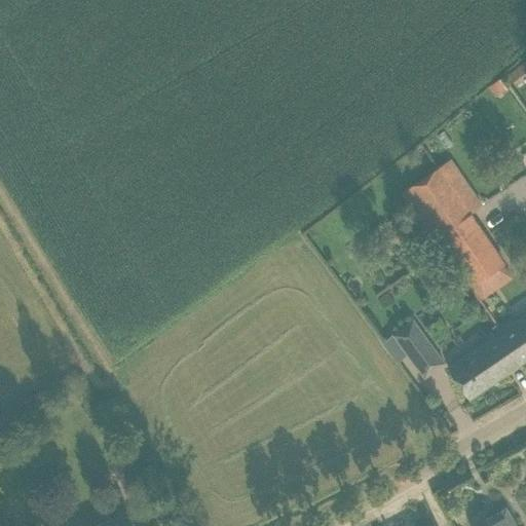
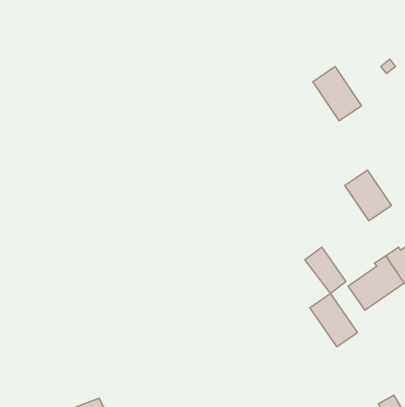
building: [414,171,477,240] -> [313,66,362,121]
building: none -> [310,293,358,347]

